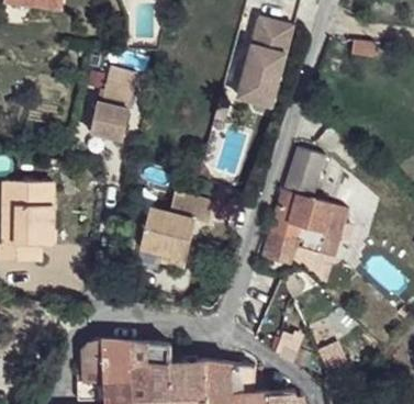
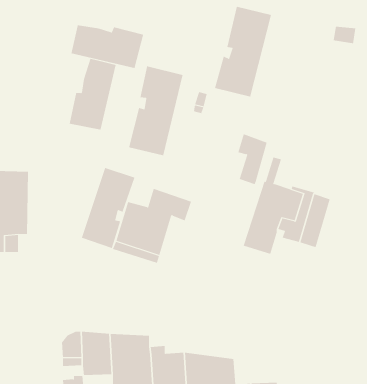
building: none -> [71,25,144,69]
building: none -> [129,65,183,156]
building: [292,148,322,199] -> [238,134,268,185]
building: none -> [81,167,135,249]

